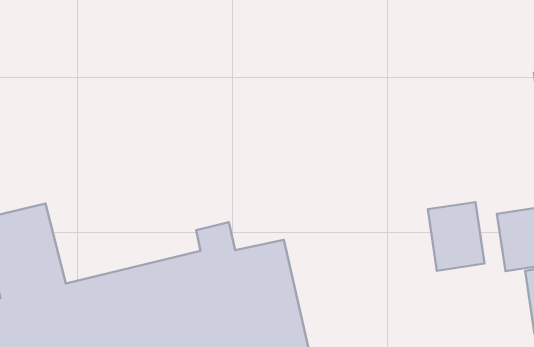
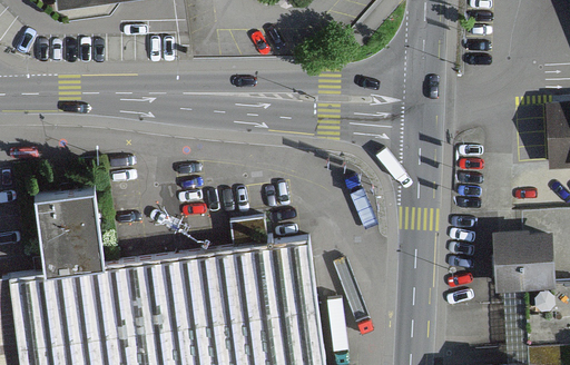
building: [428,202,485,271] -> none

